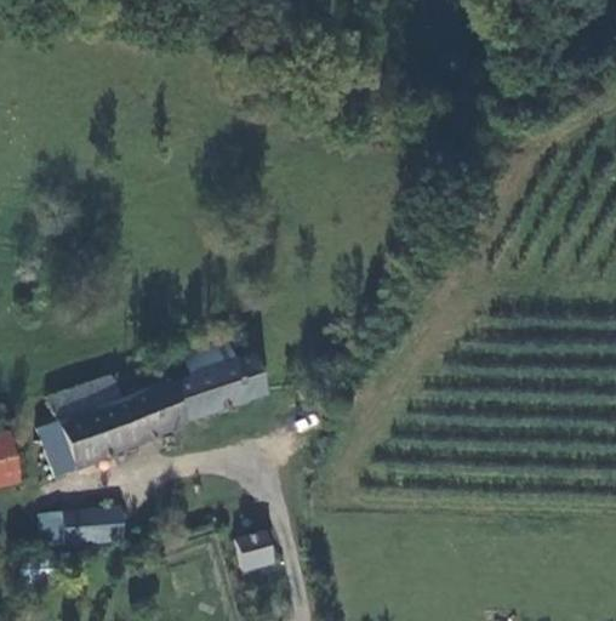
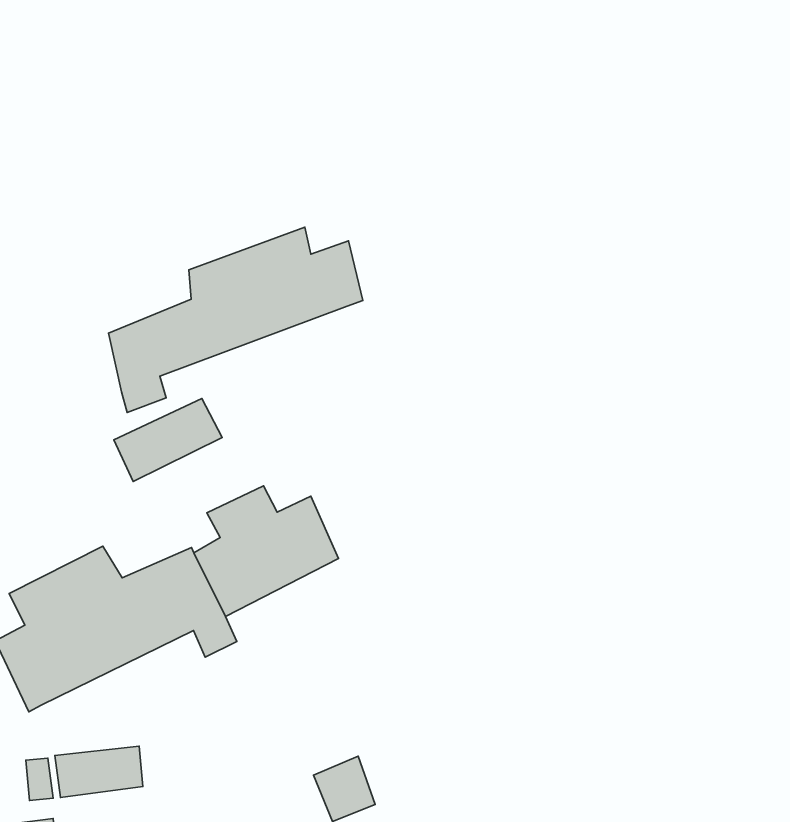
building: none -> [108,227,363,413]
building: none -> [114,399,222,481]

